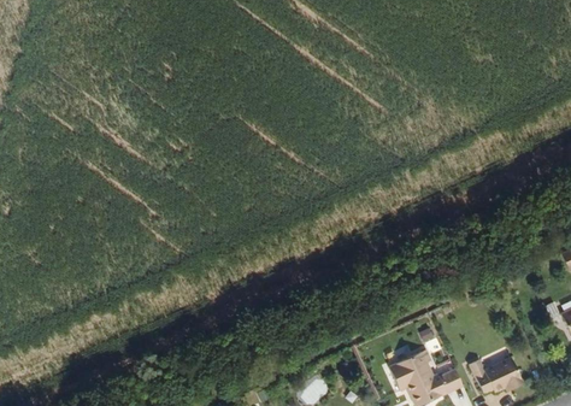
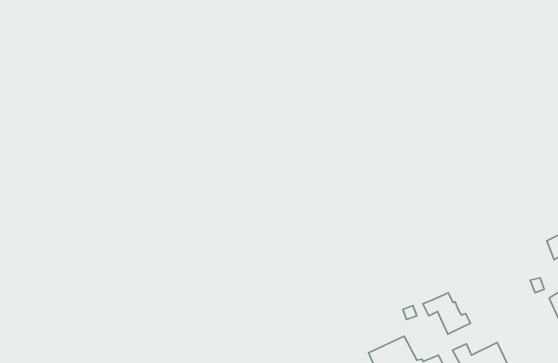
building: none -> [423,293,470,334]

